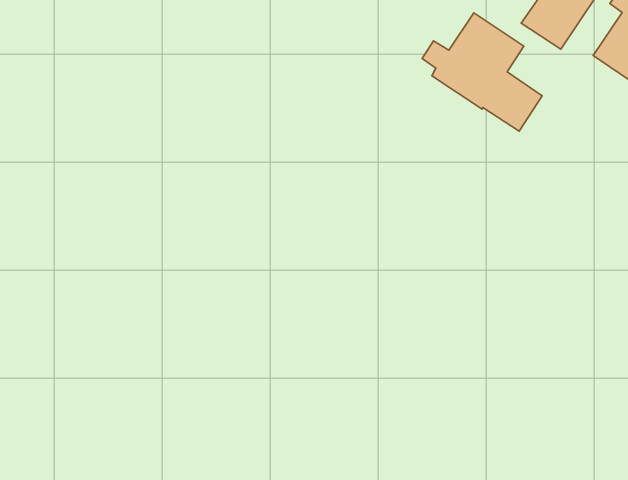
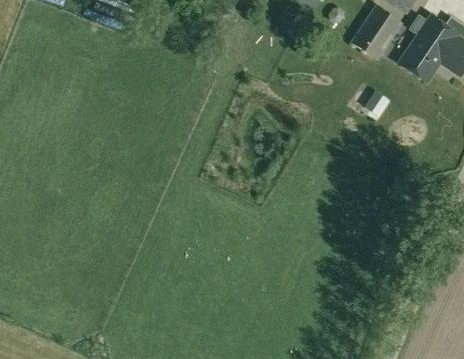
building: [422,13,542,131] -> none

